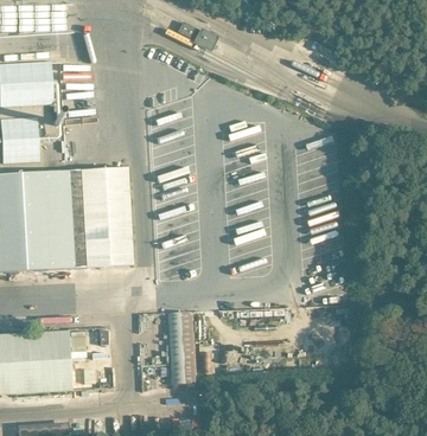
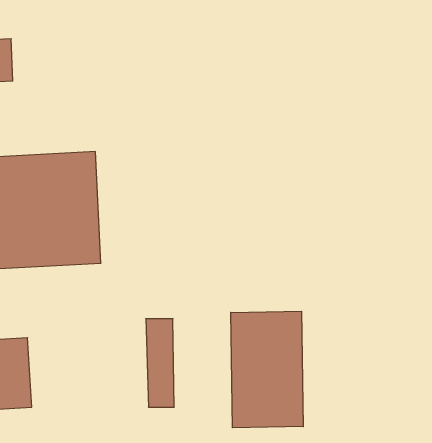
building: none -> [231,311,303,428]

